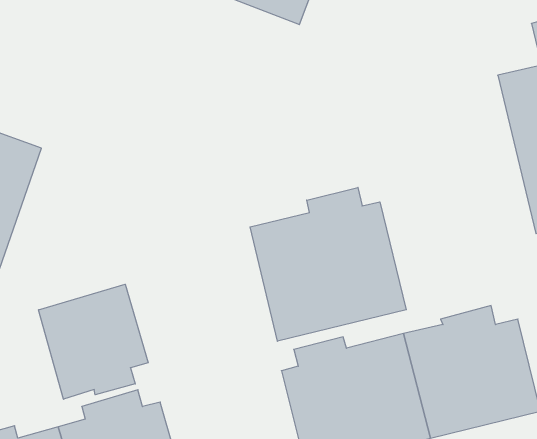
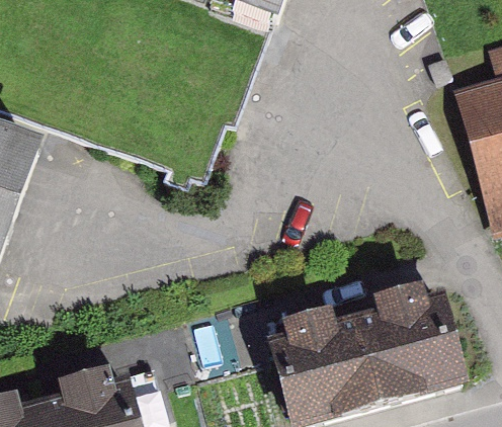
building: [250,187,406,341] -> none
building: [39,284,148,399] -> none

